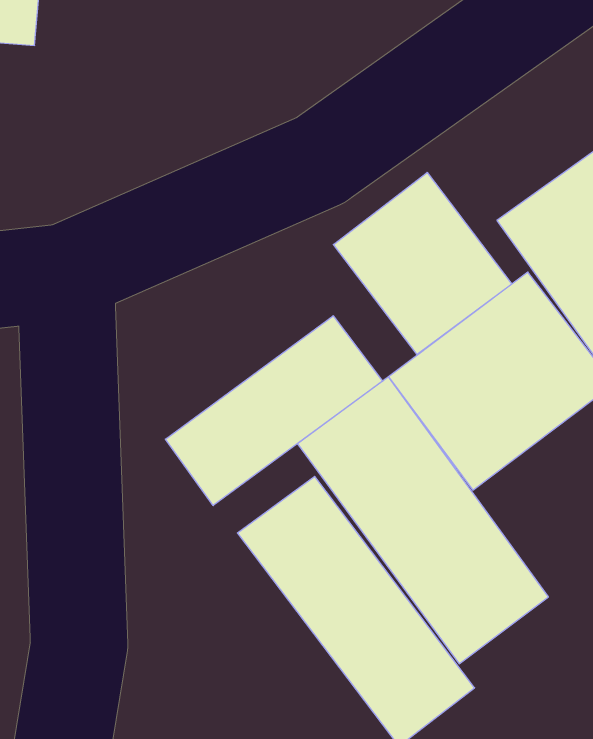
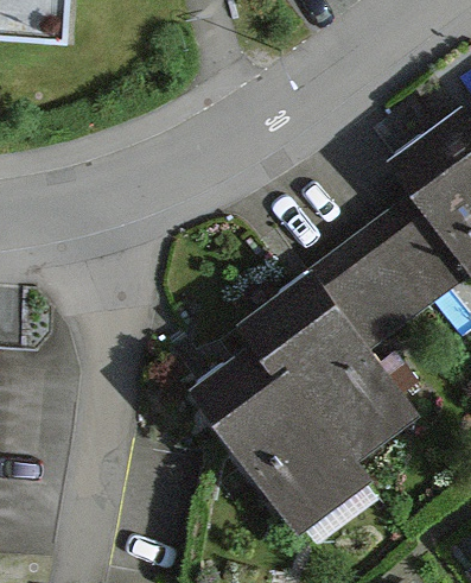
building: [333,172,512,355] -> none
building: [165,316,383,506] -> none

